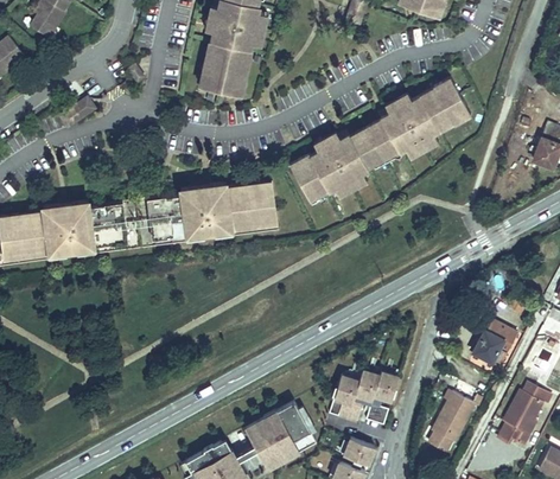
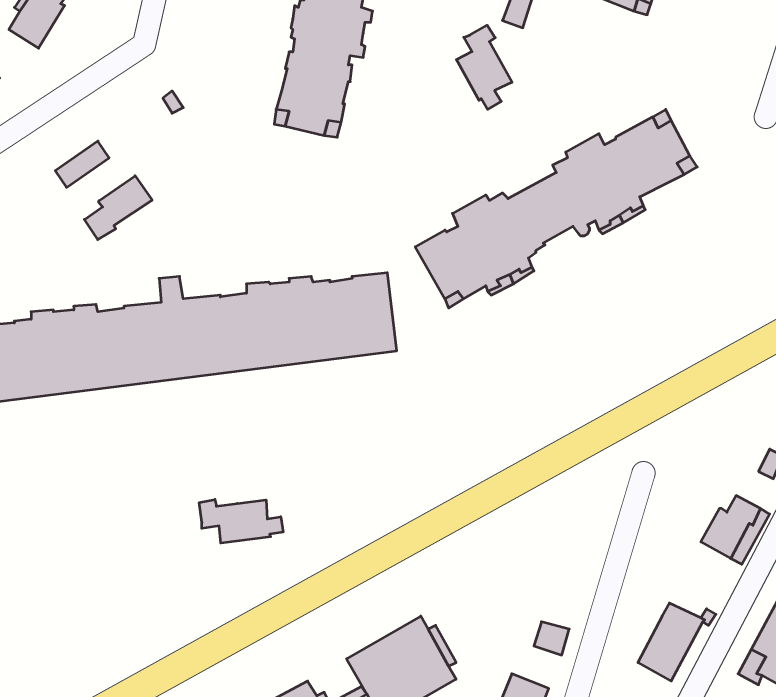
building: none -> [456,25,512,109]
building: none -> [84,176,152,240]
building: none -> [199,499,283,543]
building: [329,370,399,422] -> none

